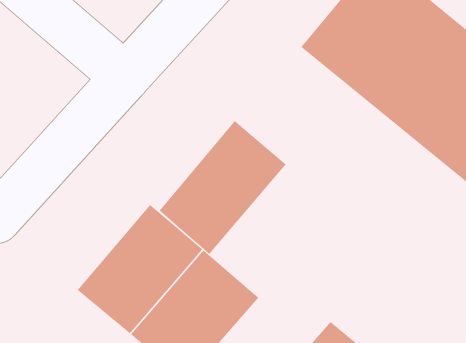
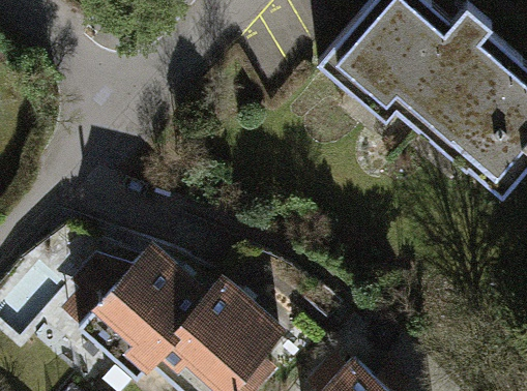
building: [159,120,286,255] -> none

